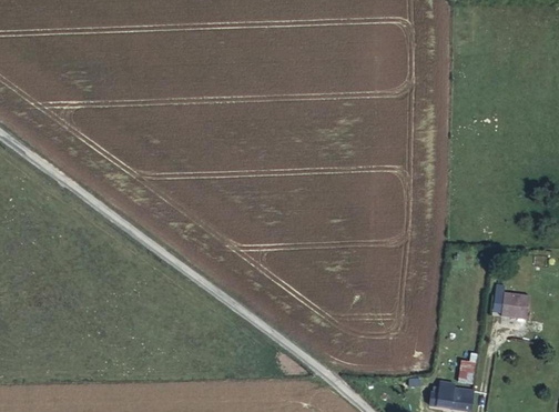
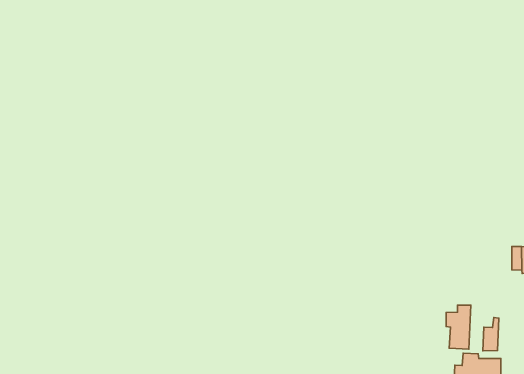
building: none -> [446,305,471,349]

